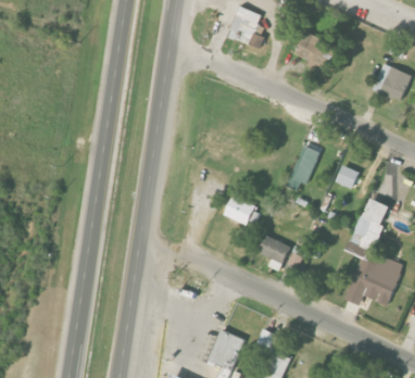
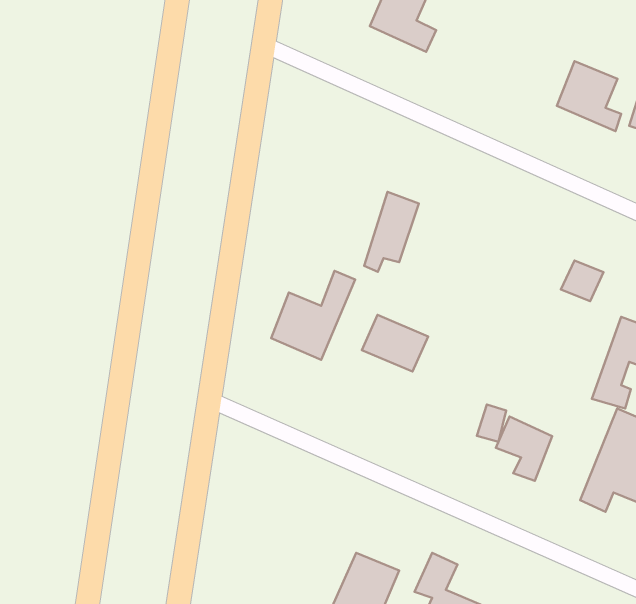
building: [294,32,330,71] -> [557,61,621,131]
building: [288,146,318,190] -> [364,192,419,272]
building: none -> [271,271,355,360]
building: [257,236,289,272] -> [496,417,552,481]

